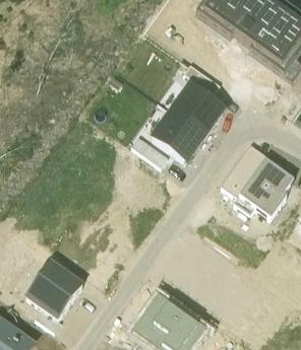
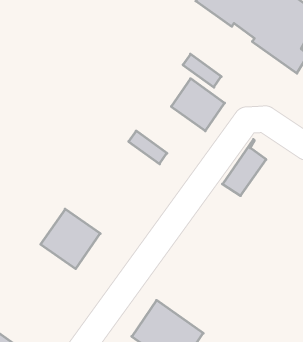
building: [153,112,204,161] -> none
building: [233,159,293,218] -> none
building: [25,261,82,318] -> [41,209,100,269]

